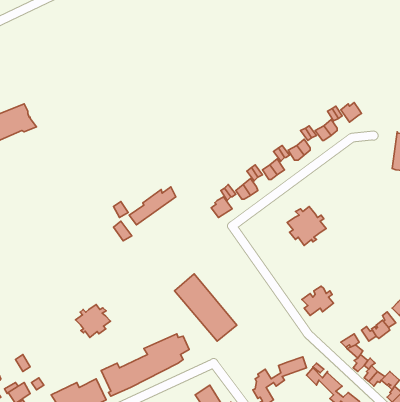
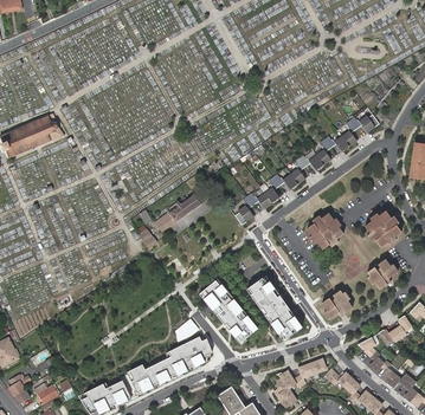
building: none -> [365,210,401,247]
building: none -> [366,258,398,291]
building: none -> [246,275,303,342]
building: [75,305,111,337] -> none

